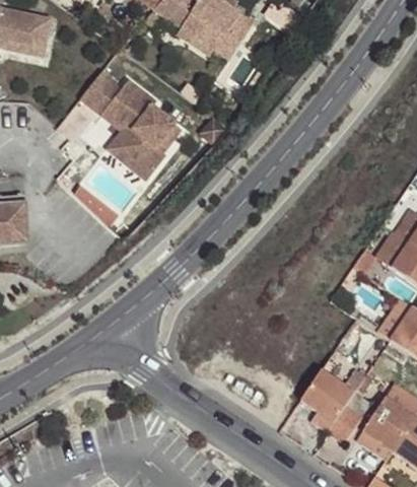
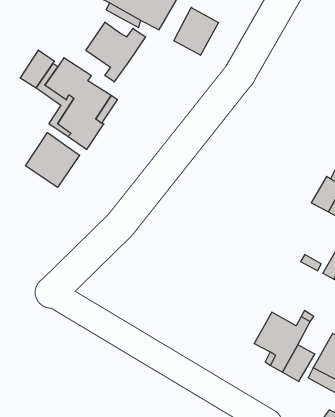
building: none -> [174,7,218,55]
building: none -> [86,22,146,82]
building: none -> [26,133,80,187]

